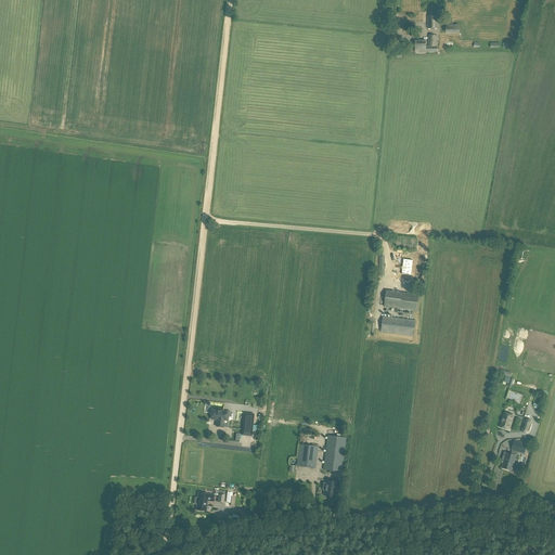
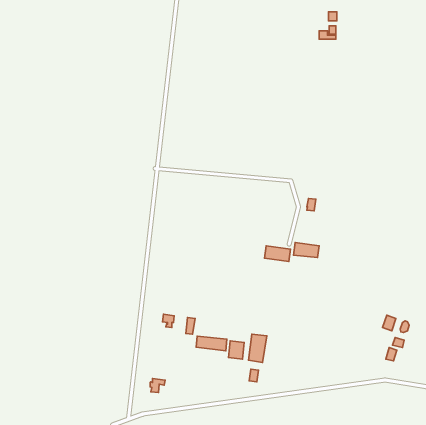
building: [385,289,418,310] -> [265,246,290,262]
building: none -> [196,336,227,351]

